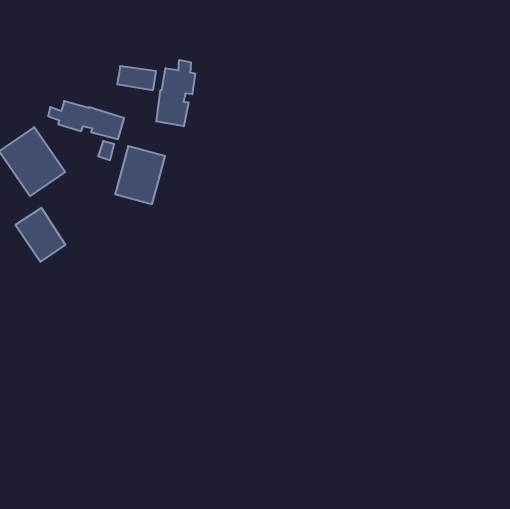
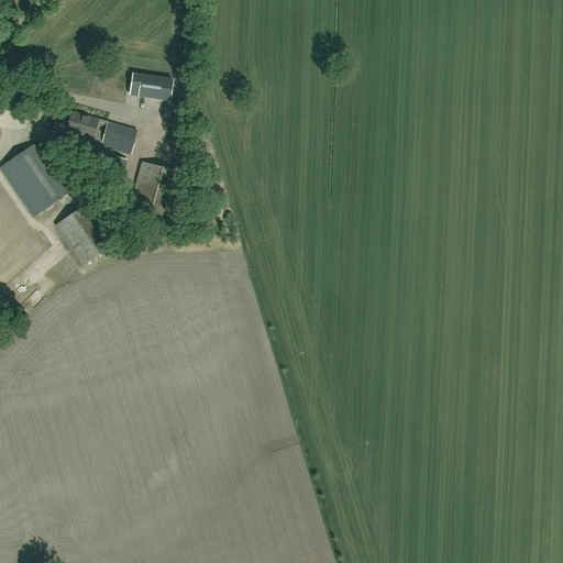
building: [156,60,195,126] -> none
building: [15,208,65,262] -> [54,206,109,265]

